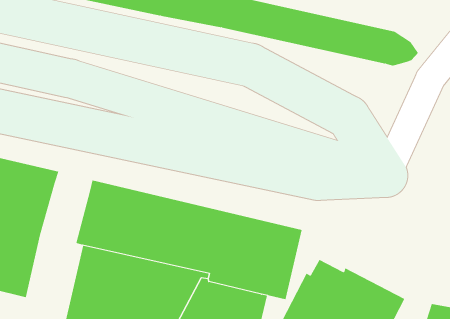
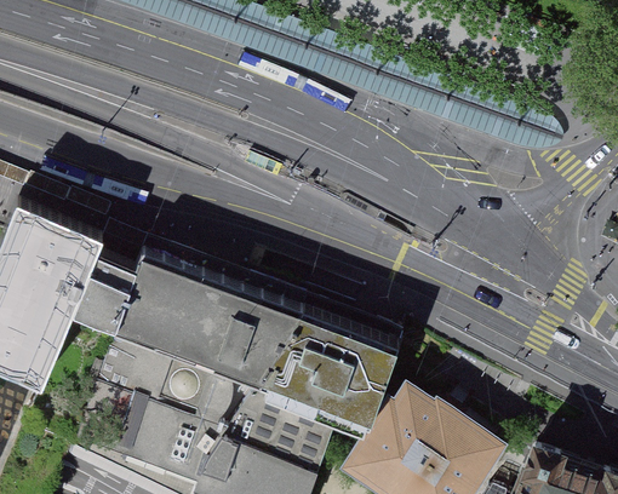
building: none -> [70,247,137,324]

